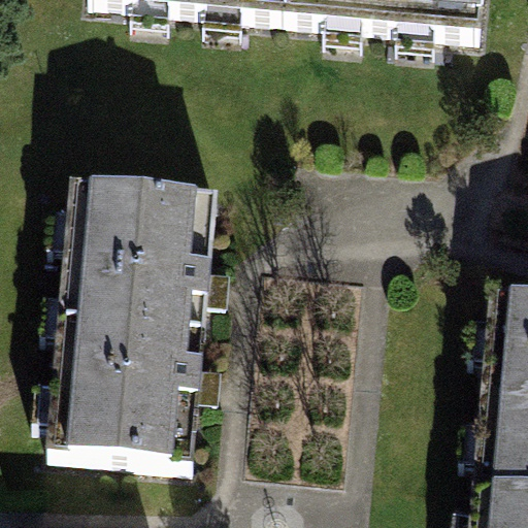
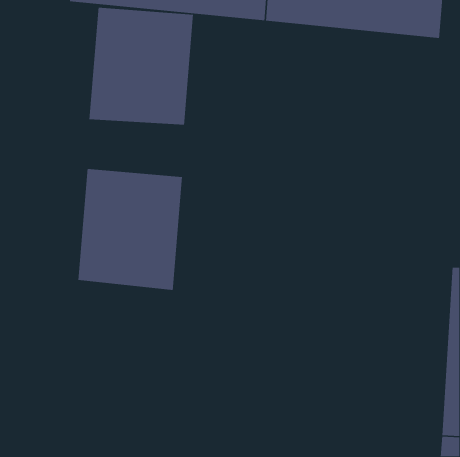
building: none -> [88,7,194,125]
building: [75,314,194,454] -> none

